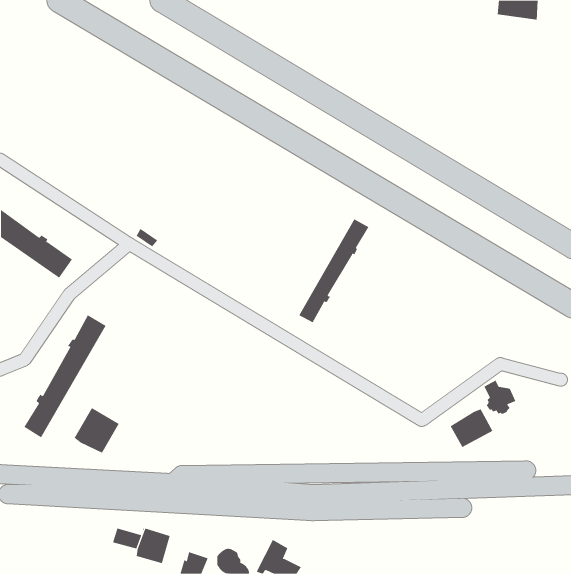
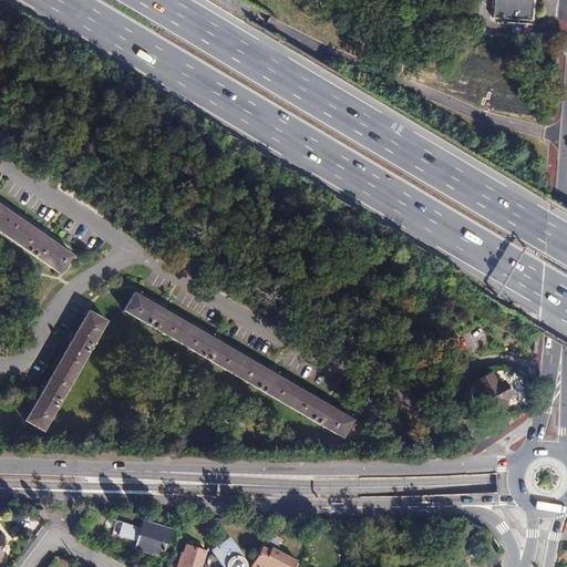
building: [298,218,369,323] -> none
building: none -> [125,292,354,436]
building: [74,407,119,454] -> none
building: [450,408,493,448] -> none

